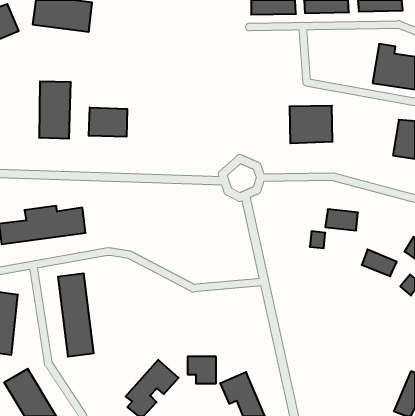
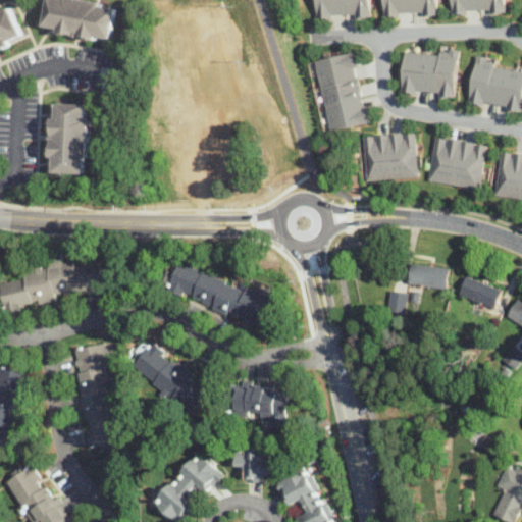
building: none -> [399,48,457,98]
building: none -> [314,51,368,130]
building: [89,107,127,137] -> none
building: none -> [426,136,485,189]
building: none -> [160,262,269,324]
building: [362,249,397,276] -> [458,274,502,308]
building: none -> [130,342,210,414]
building: none -> [232,384,286,418]

